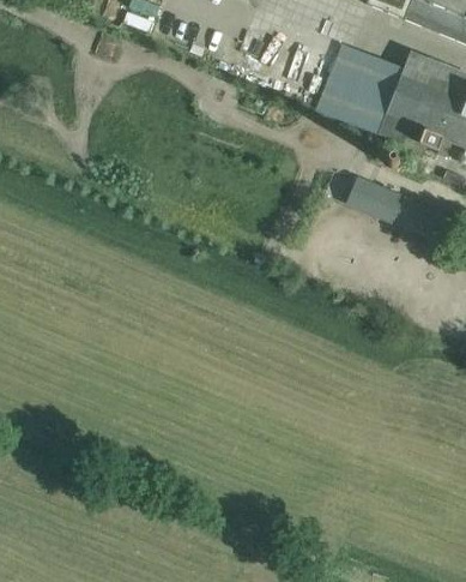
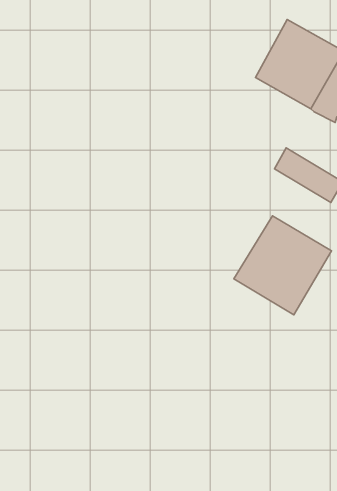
building: none -> [234,216,332,315]

